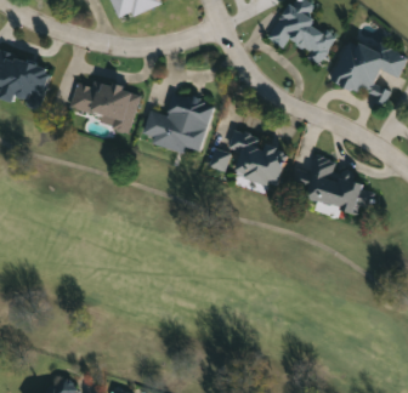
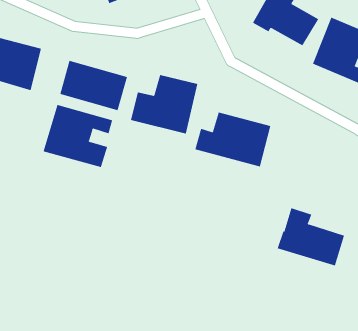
building: none -> [43,104,113,168]
building: [301,156,372,217] -> [277,208,345,266]

